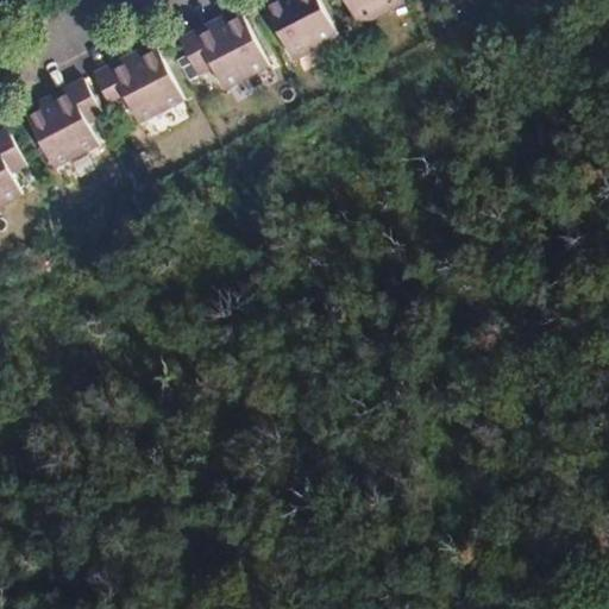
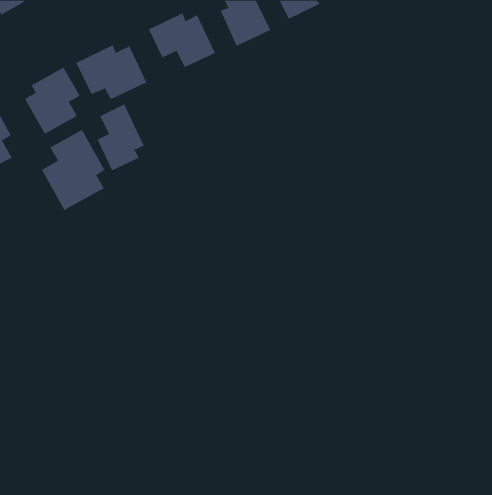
building: none -> [97,103,144,171]
building: none -> [41,129,105,211]

